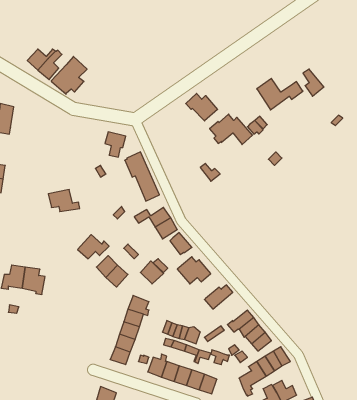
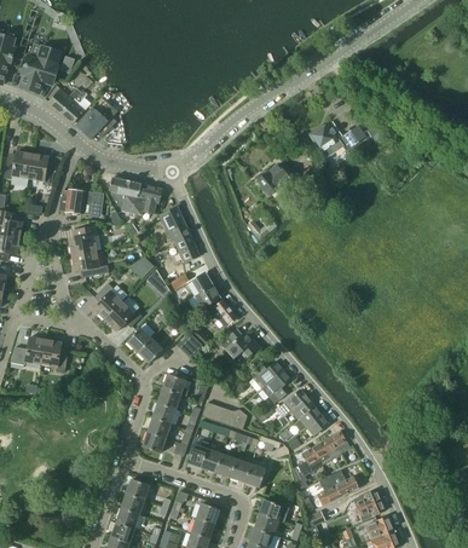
building: none -> [21,44,59,92]
building: [186,93,218,121] -> none
building: none -> [28,155,54,186]
building: none -> [109,178,144,215]
building: none -> [58,190,102,214]
building: none -> [68,226,97,255]
building: none -> [93,282,121,319]
building: none -> [261,369,291,404]

